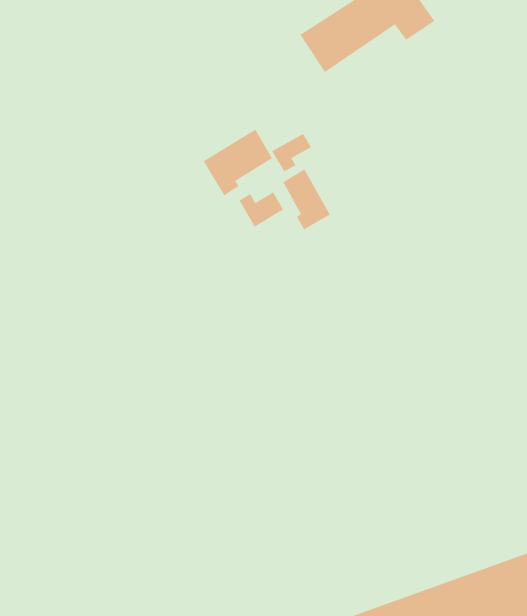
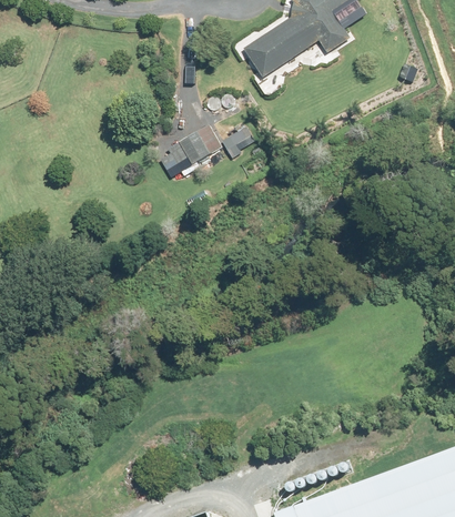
building: [282,168,331,230] -> none
building: [239,192,284,227] -> none

